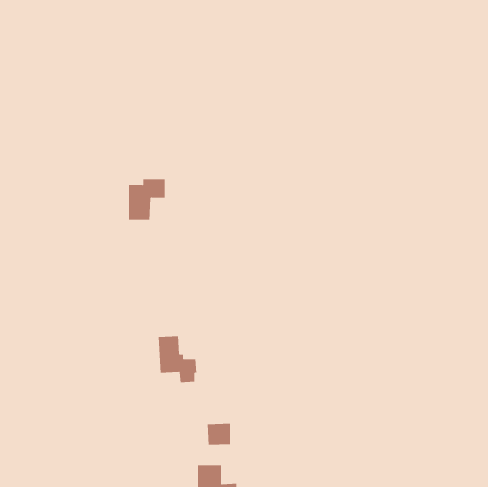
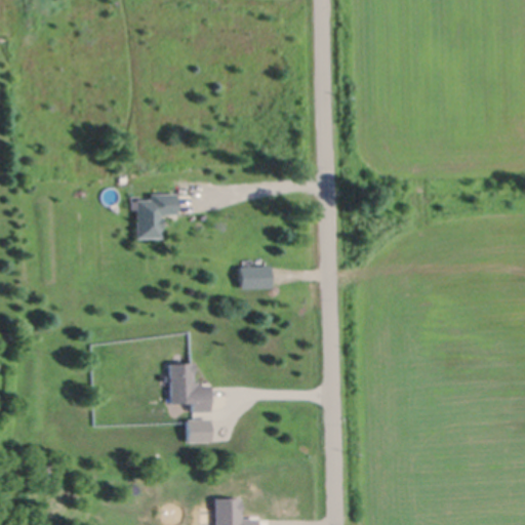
building: none -> [238,268,270,291]
building: [207,423,231,445] -> [184,420,209,444]

